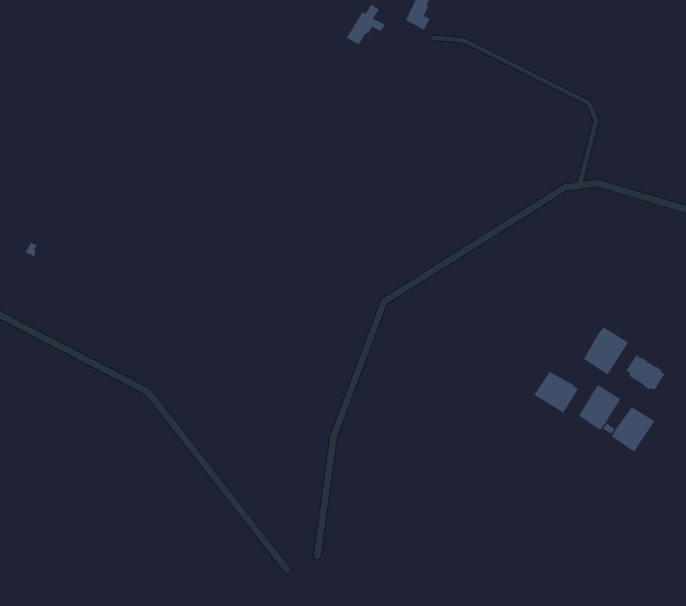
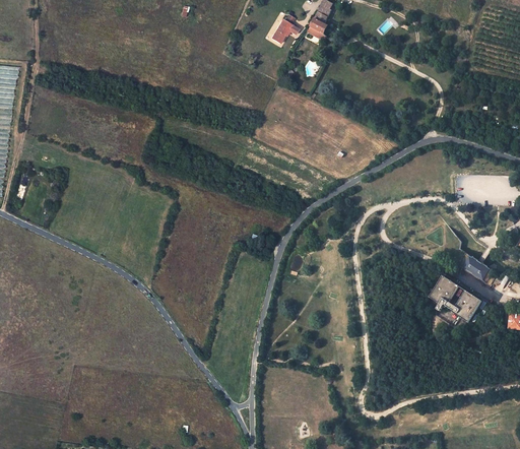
building: [583,326,629,376] -> none
building: [534,371,579,414] -> none

